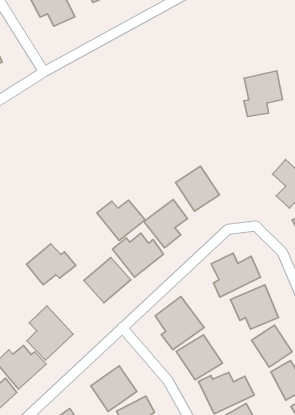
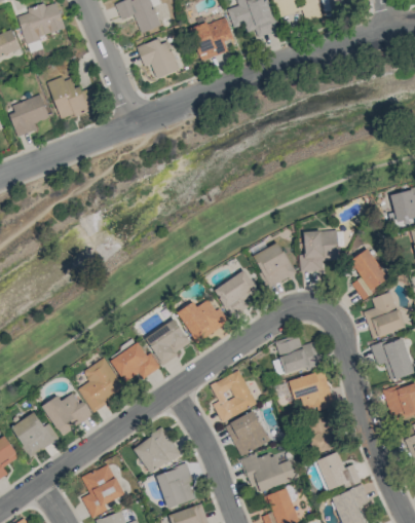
building: [244,71,283,116] -> [299,229,338,270]
building: [97,200,145,241] -> none
building: [27,244,76,285] -> [110,342,159,382]

